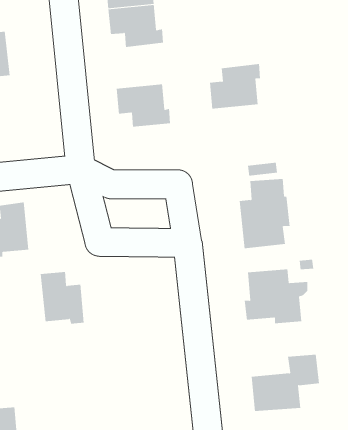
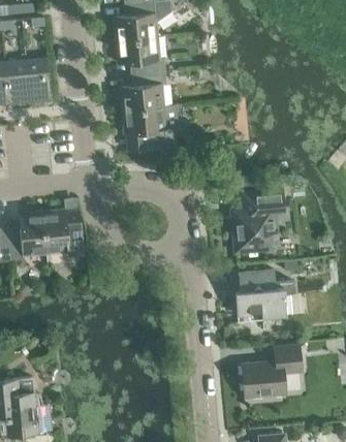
building: none -> [26,58,52,99]
building: [209,64,261,109] -> [121,70,166,110]
building: [40,271,85,324] -> [42,209,82,255]

